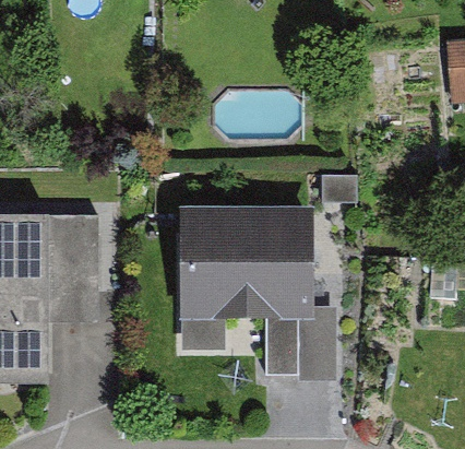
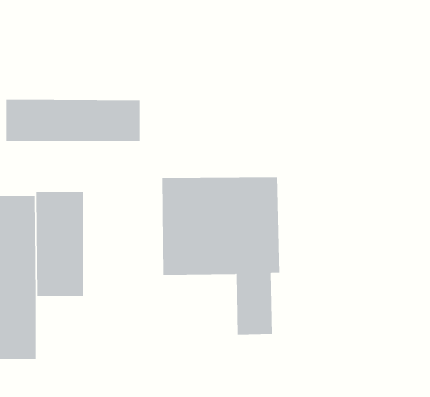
building: none -> [6,99,140,142]

